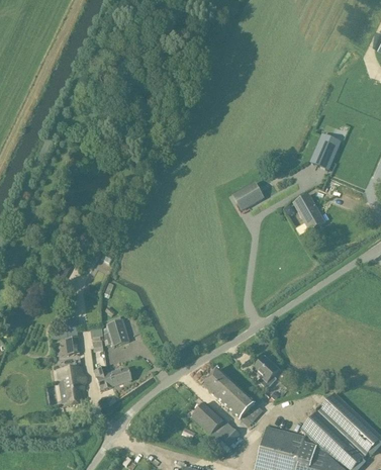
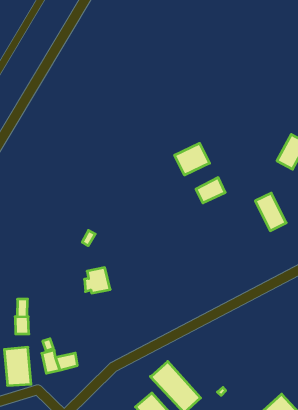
building: none -> [175,143,210,175]
building: [103,319,129,346] -> [84,268,110,293]
building: [253,356,278,388] -> none

